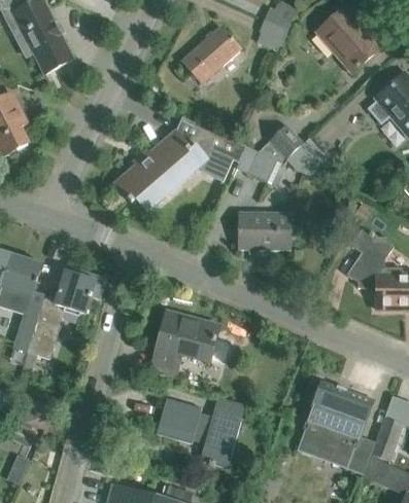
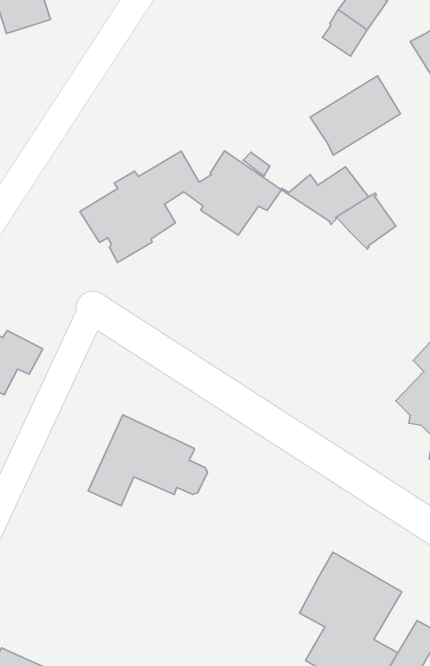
building: [181,26,241,83] -> [310,76,400,155]
building: [236,146,281,184] -> none
building: [238,211,291,250] -> none
building: [156,397,245,467] -> none

